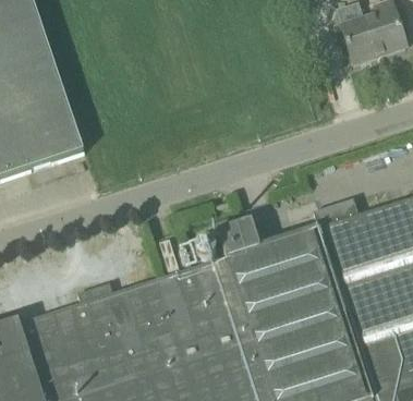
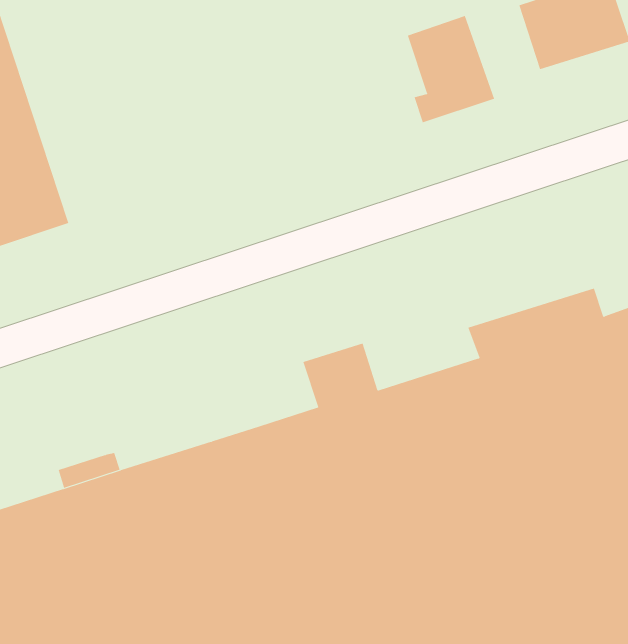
building: none -> [407,15,495,123]

